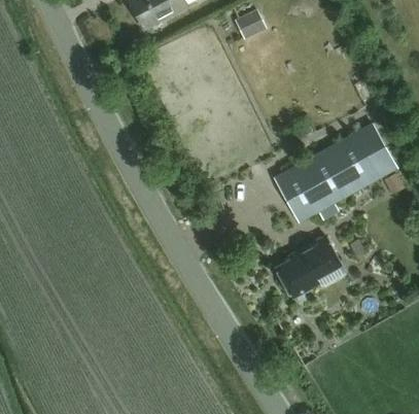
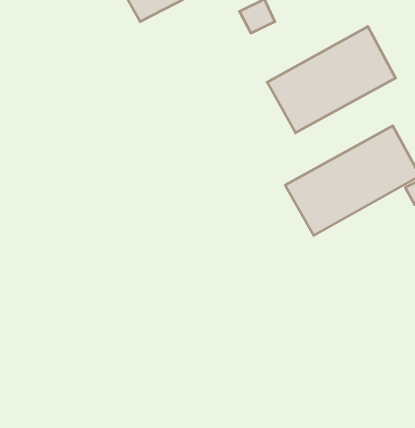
building: none -> [267,26,396,133]
building: [277,237,339,298] -> none

